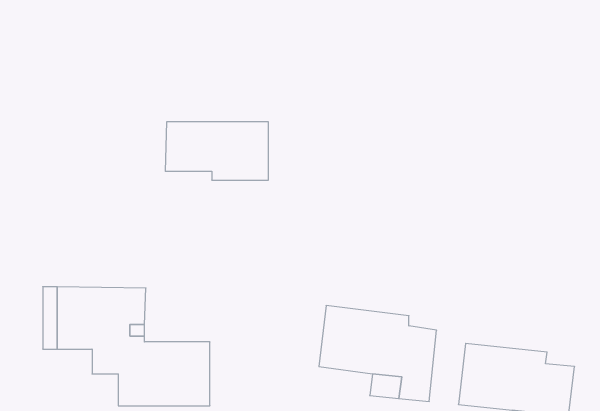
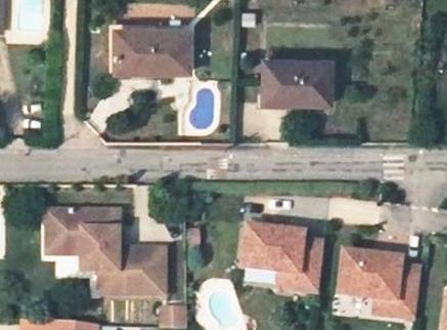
building: none -> [262,59,331,105]
building: [165,122,268,180] -> [116,31,188,72]

